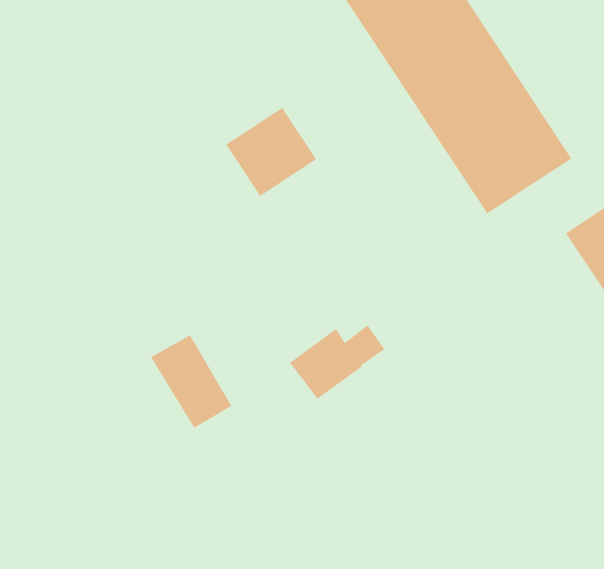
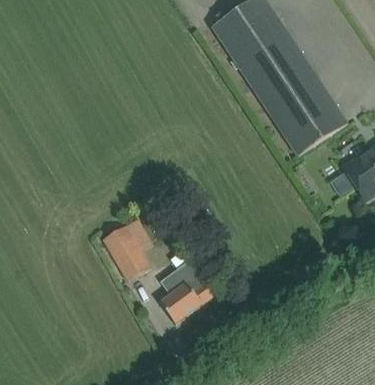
building: [226,107,317,197] -> none
building: [289,325,385,400] -> [157,273,212,316]

